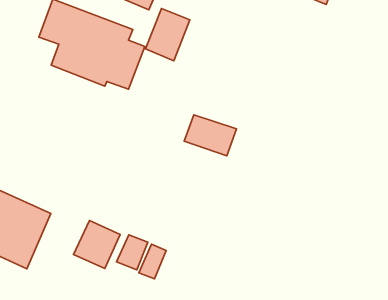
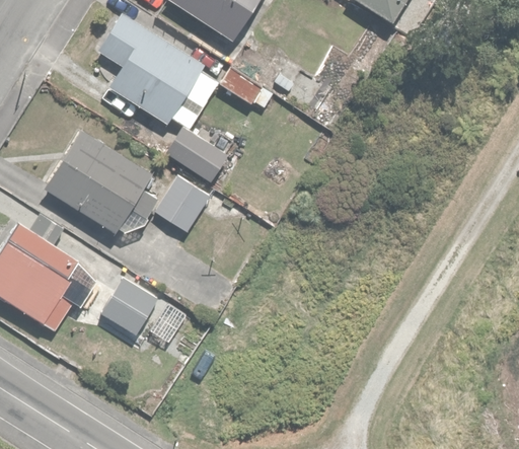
building: none -> [44,133,157,231]
building: [184,115,236,156] -> [165,126,229,180]
building: none -> [157,178,209,232]

